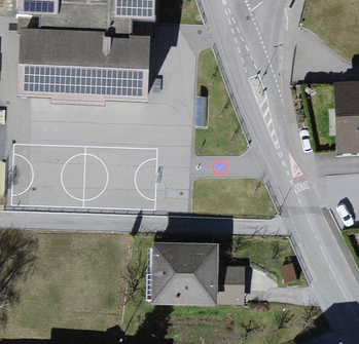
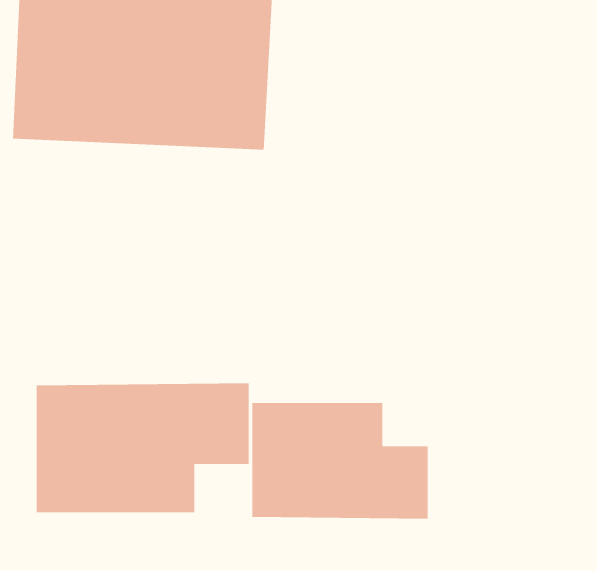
building: none -> [36,383,249,513]

